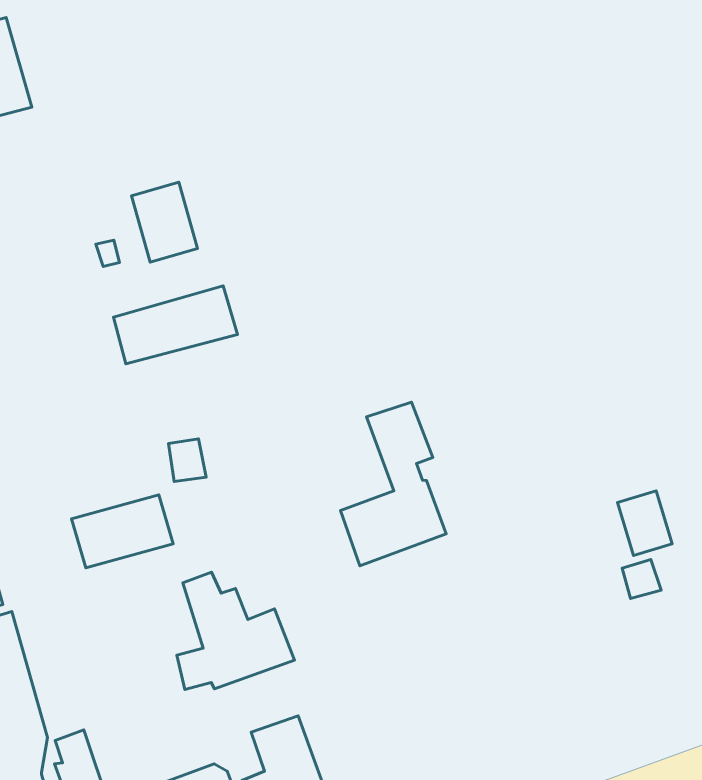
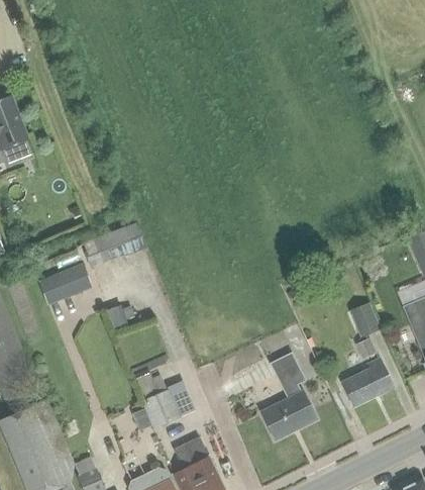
building: [131,182,198,262] -> none
building: [340,402,446,566] -> [261,353,317,439]
building: [72,495,173,568] -> [39,264,93,305]
building: none -> [342,359,394,406]

